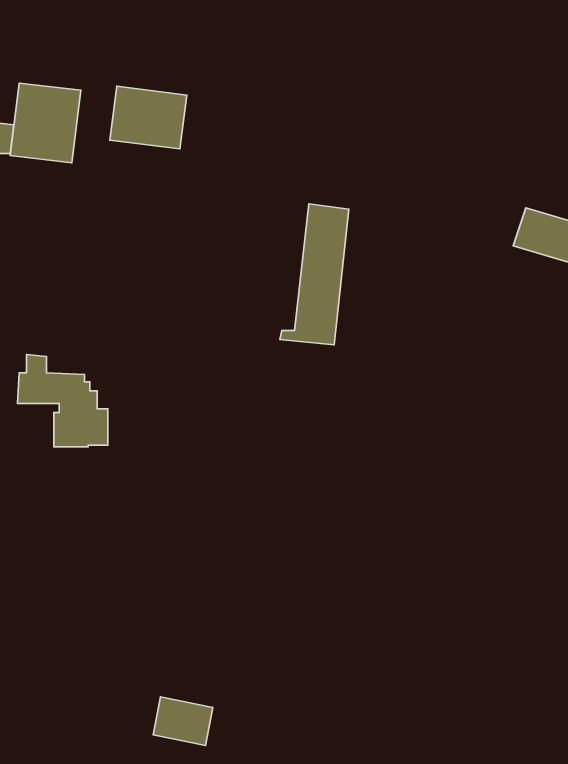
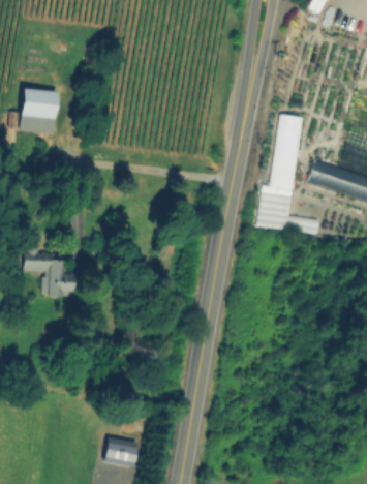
building: [110,86,187,149] -> none
building: [280,204,349,345] -> [262,115,301,195]

